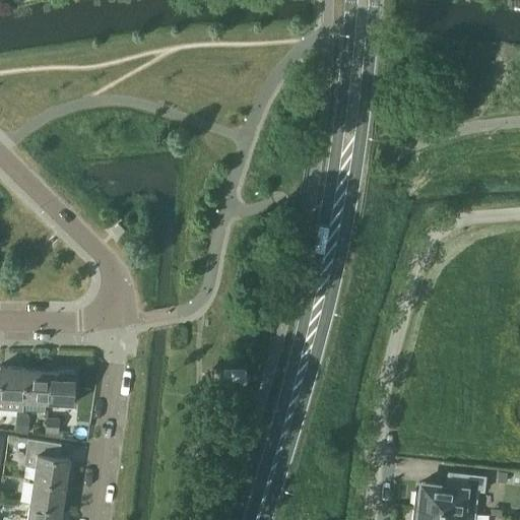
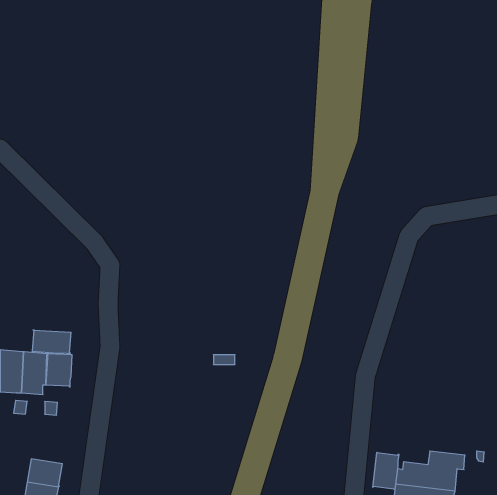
building: none -> [32,330,71,354]
building: [24,441,71,486] -> none
building: none -> [373,452,399,489]

